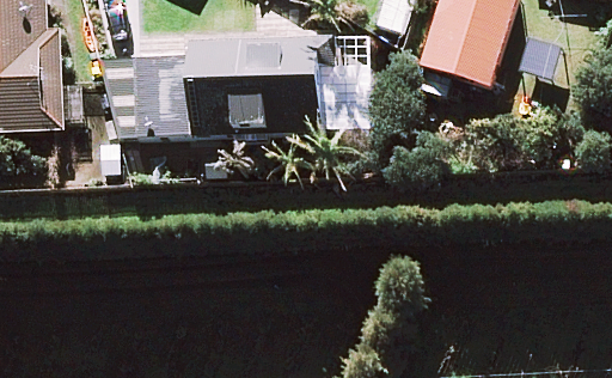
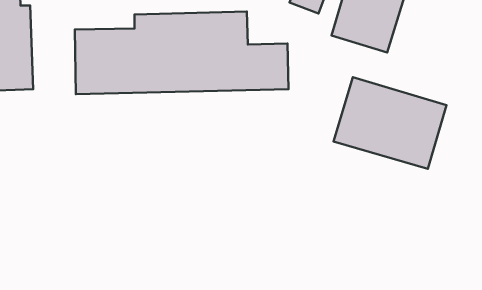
building: none -> [334,77,447,169]

